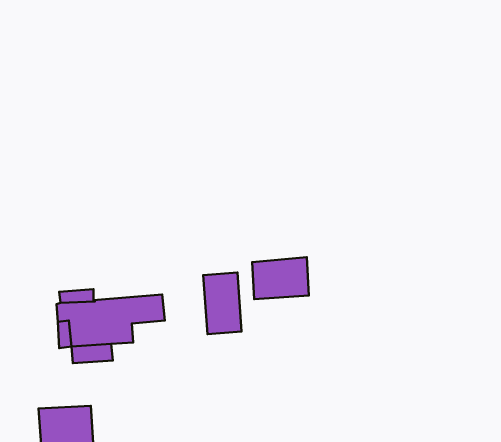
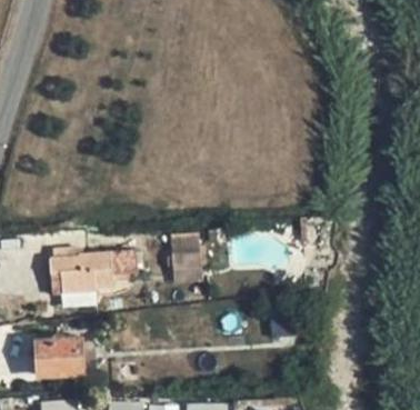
building: [252,257,309,299] -> none

